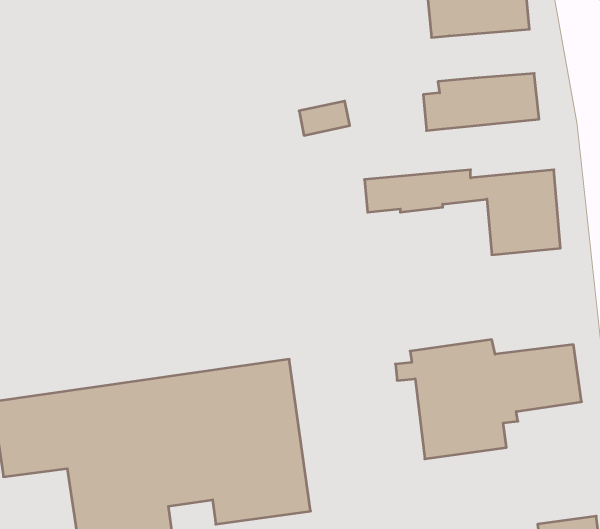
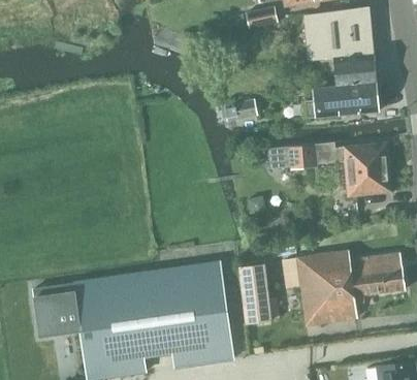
building: none -> [321,53,375,84]
building: none -> [238,262,270,323]

